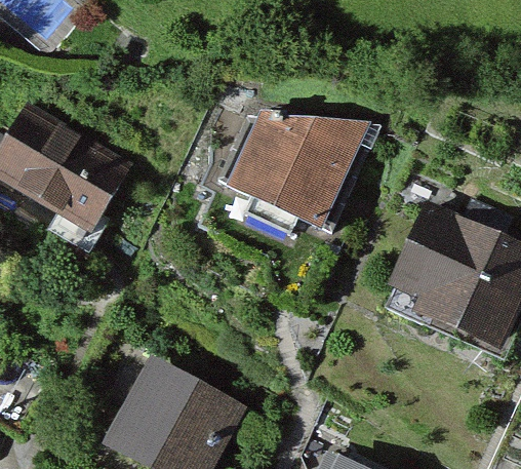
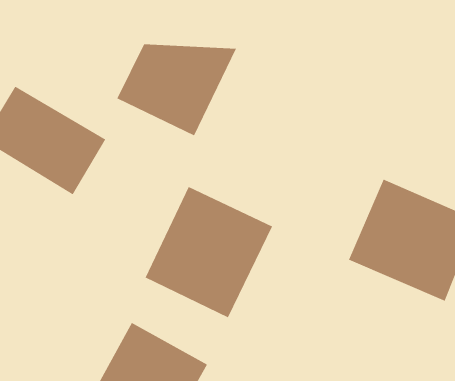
building: [234,121,365,222] -> [116,44,237,136]
building: none -> [145,186,273,318]

